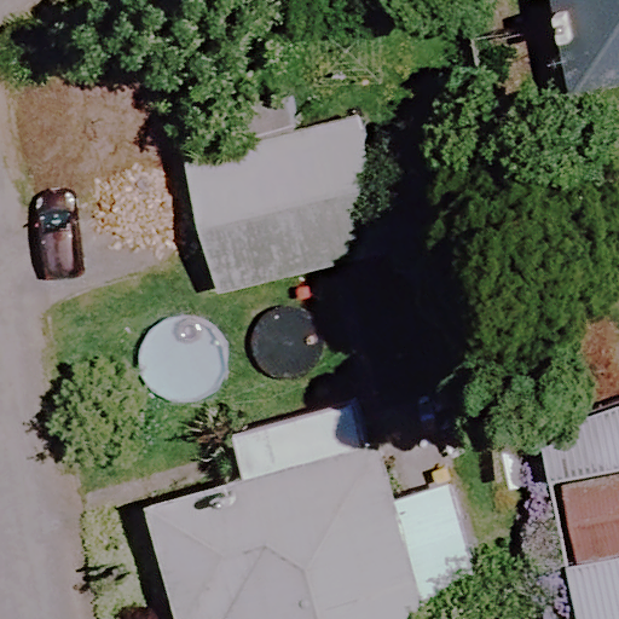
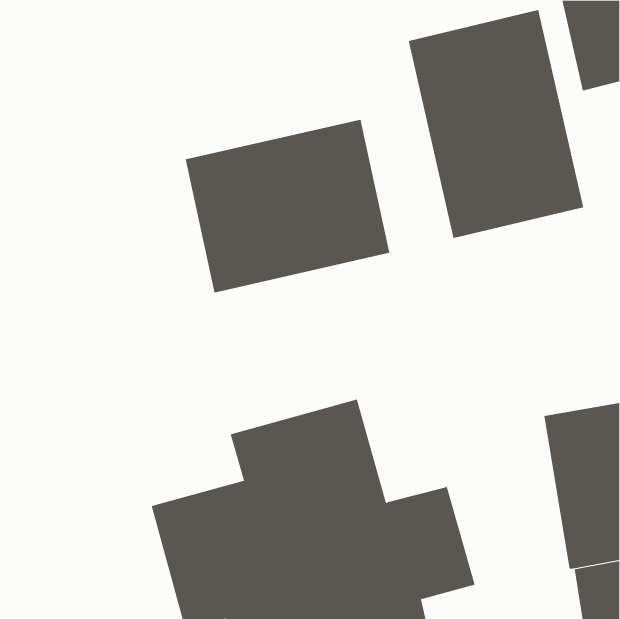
building: none -> [408,9,584,239]

